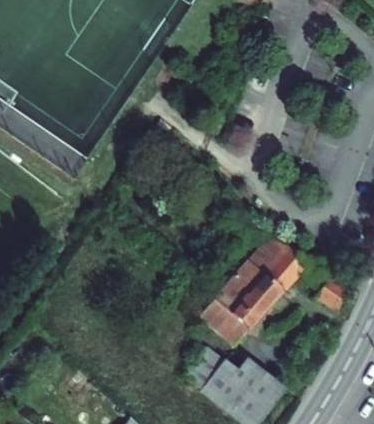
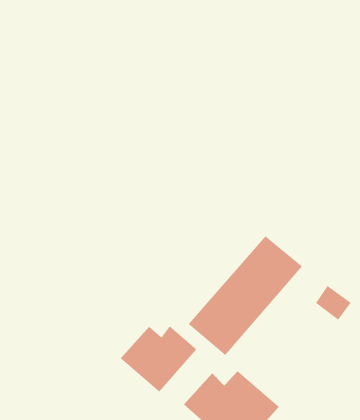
building: none -> [120,326,197,393]

